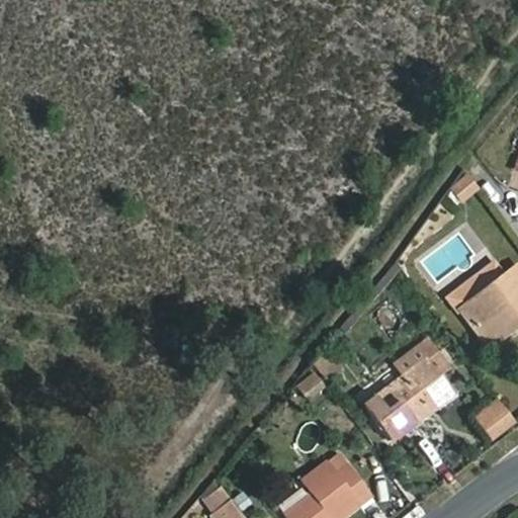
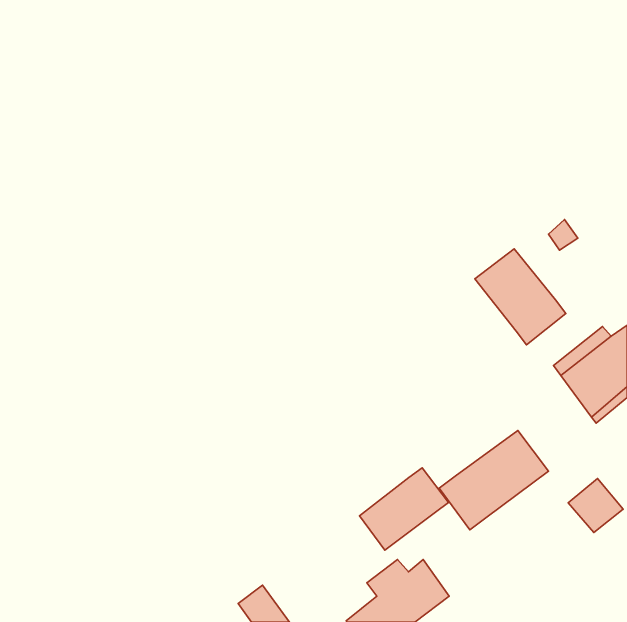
building: none -> [475,249,566,345]
building: none -> [359,468,448,550]

